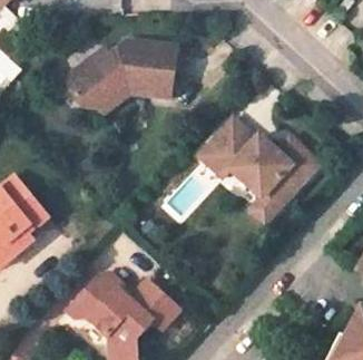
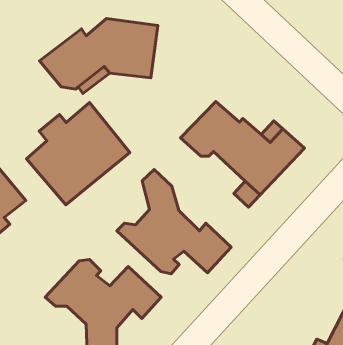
building: none -> [26,102,130,205]
building: none -> [117,170,231,274]

